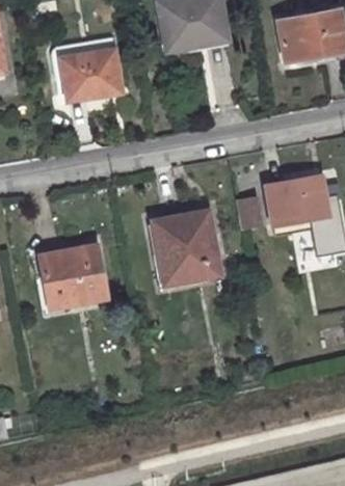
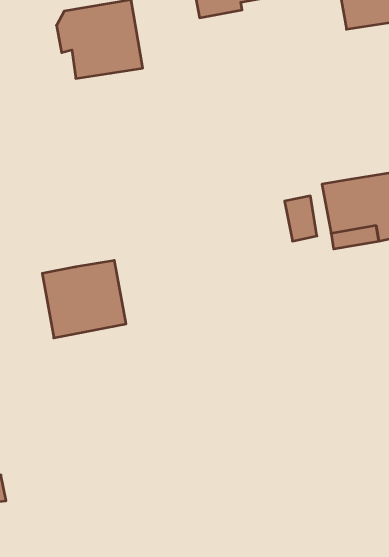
building: [155,213,219,284] -> none

